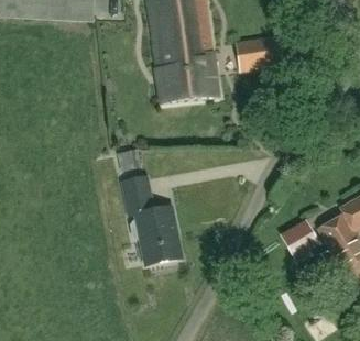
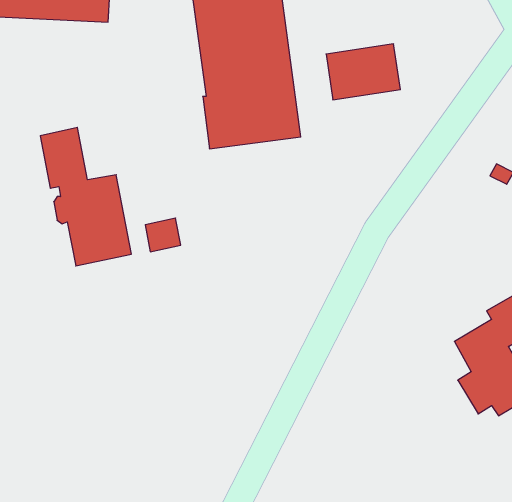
building: [122,175,182,265] -> [40,127,131,266]
building: [281,220,318,257] -> none

